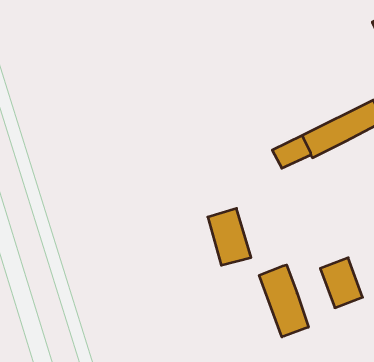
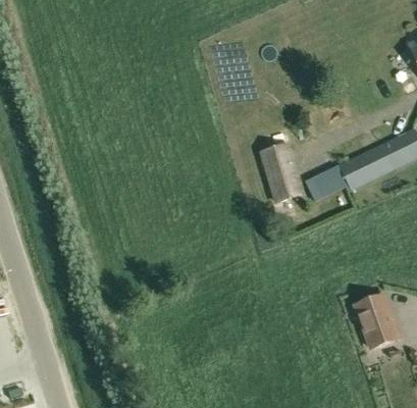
building: [208,208,251,265] -> [260,143,306,203]
building: [259,265,308,337] -> none

